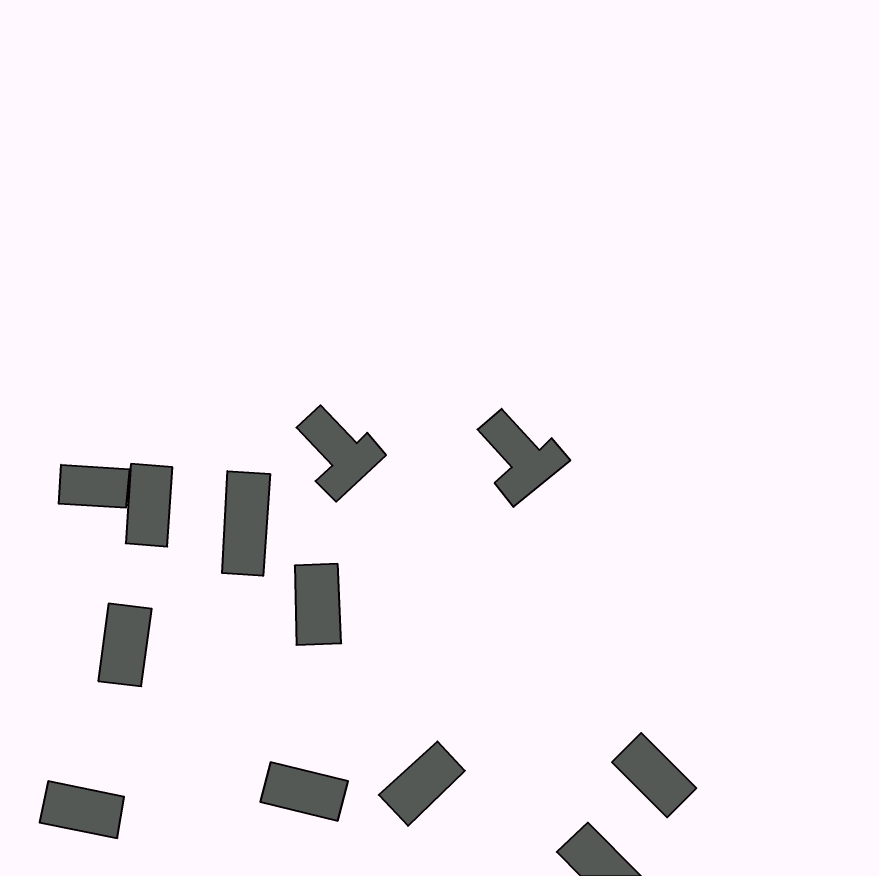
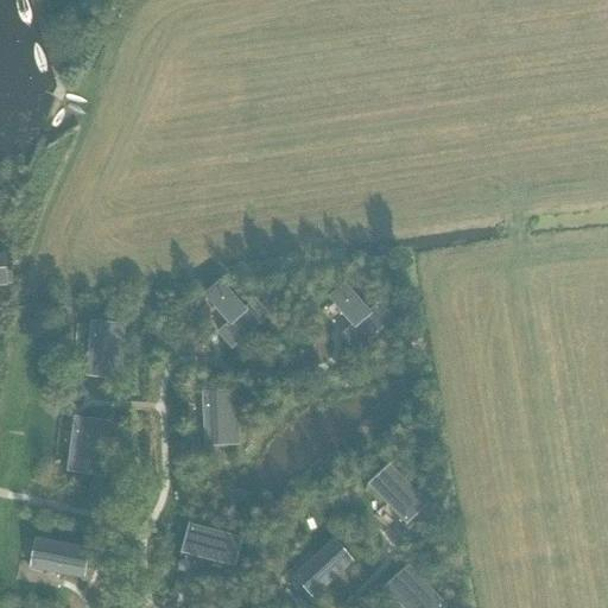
building: [59,465,130,508] -> none
building: [222,471,270,576] -> none
building: [612,733,696,817] -> [367,466,425,524]
building: [379,741,465,826] -> [291,539,350,597]

